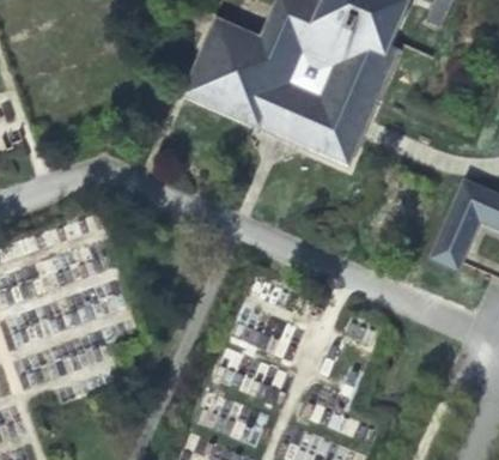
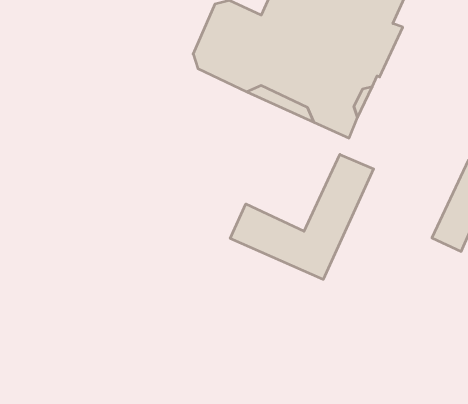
building: none -> [230,154,374,279]

